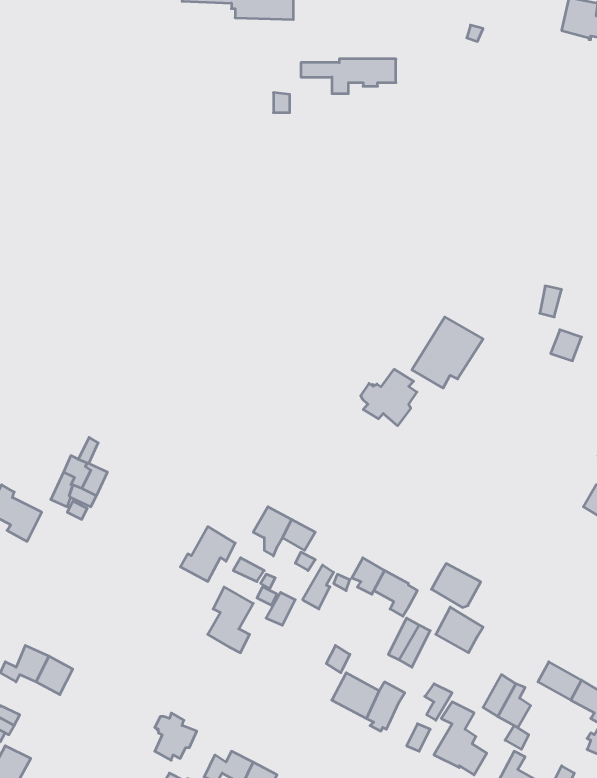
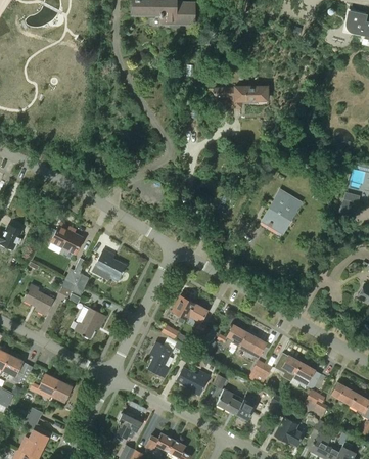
building: [301,59,396,94] -> [215,87,268,106]
building: [361,369,417,426] -> none
building: none -> [52,223,83,254]
building: none -> [96,250,126,281]
building: [180,527,235,581] -> [75,308,105,338]
building: [431,564,481,607] -> [293,364,321,388]
building: none -> [177,368,210,396]

